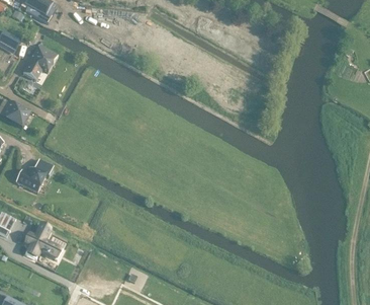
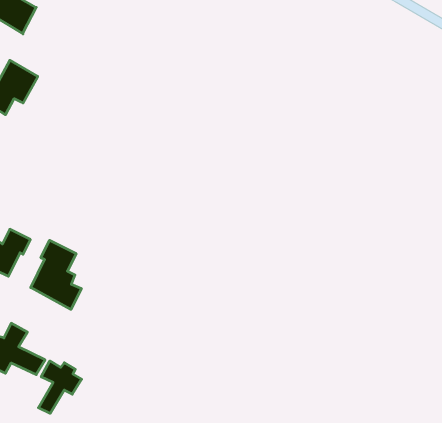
building: none -> [31,240,81,309]
building: none -> [38,361,82,413]

